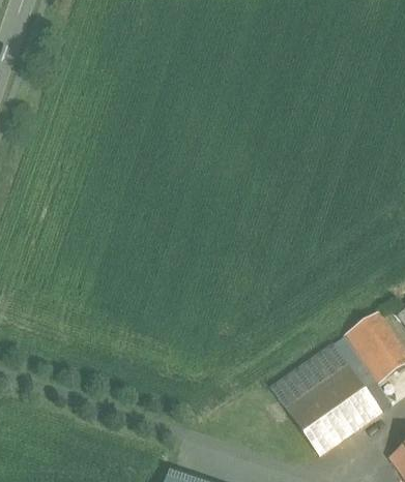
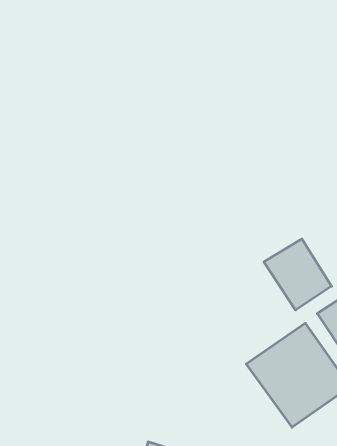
building: none -> [264,239,332,310]

